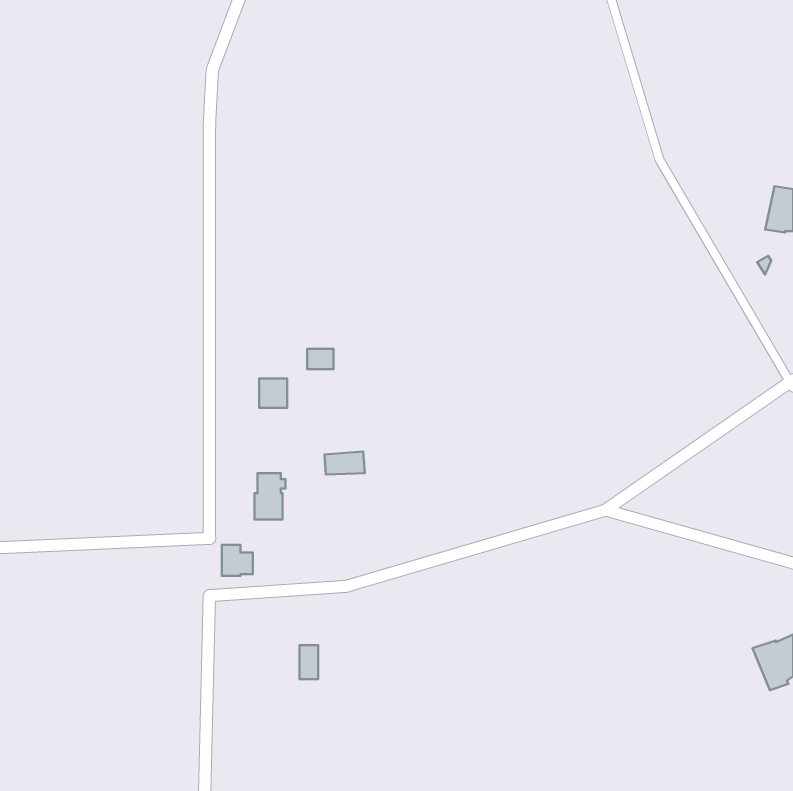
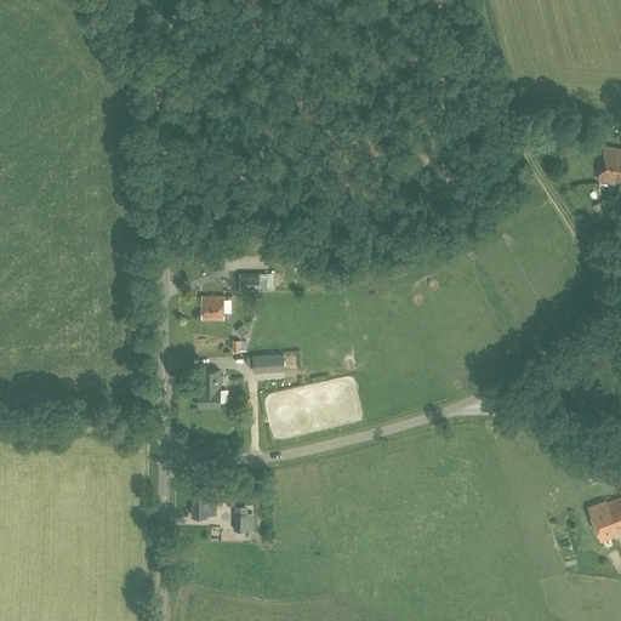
building: [222,545,253,576] -> [193,492,217,517]

